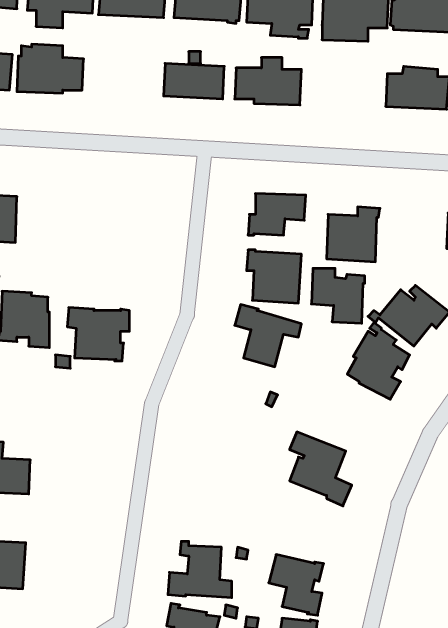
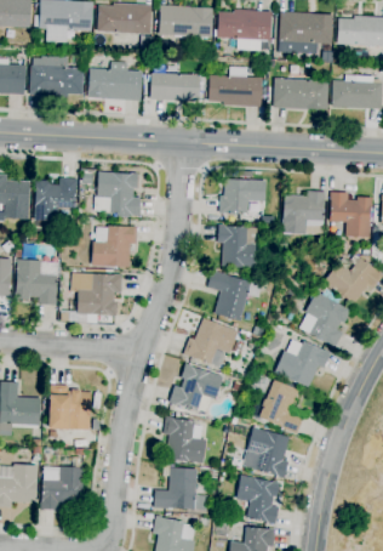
building: none -> [87,62,142,100]
building: none -> [273,78,328,109]
building: none -> [93,171,139,217]
building: none -> [34,177,76,221]
building: none -> [91,226,137,267]
building: [311,268,365,323] -> [328,192,372,237]
building: none -> [183,318,238,363]
building: none -> [274,340,331,387]
building: none -> [168,363,223,411]
building: none -> [47,384,91,431]
building: none -> [162,416,206,462]
building: none -> [242,427,290,478]
building: none -> [41,456,84,509]

